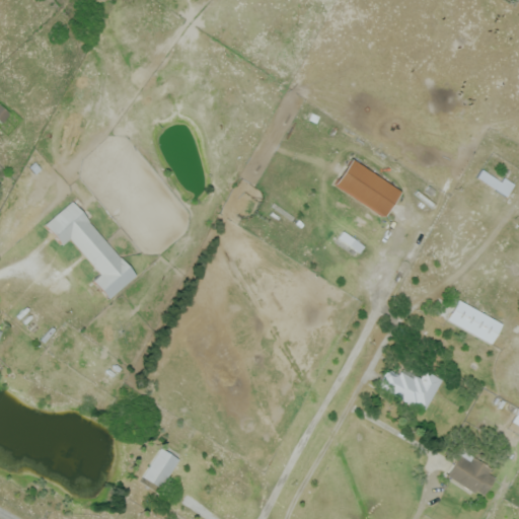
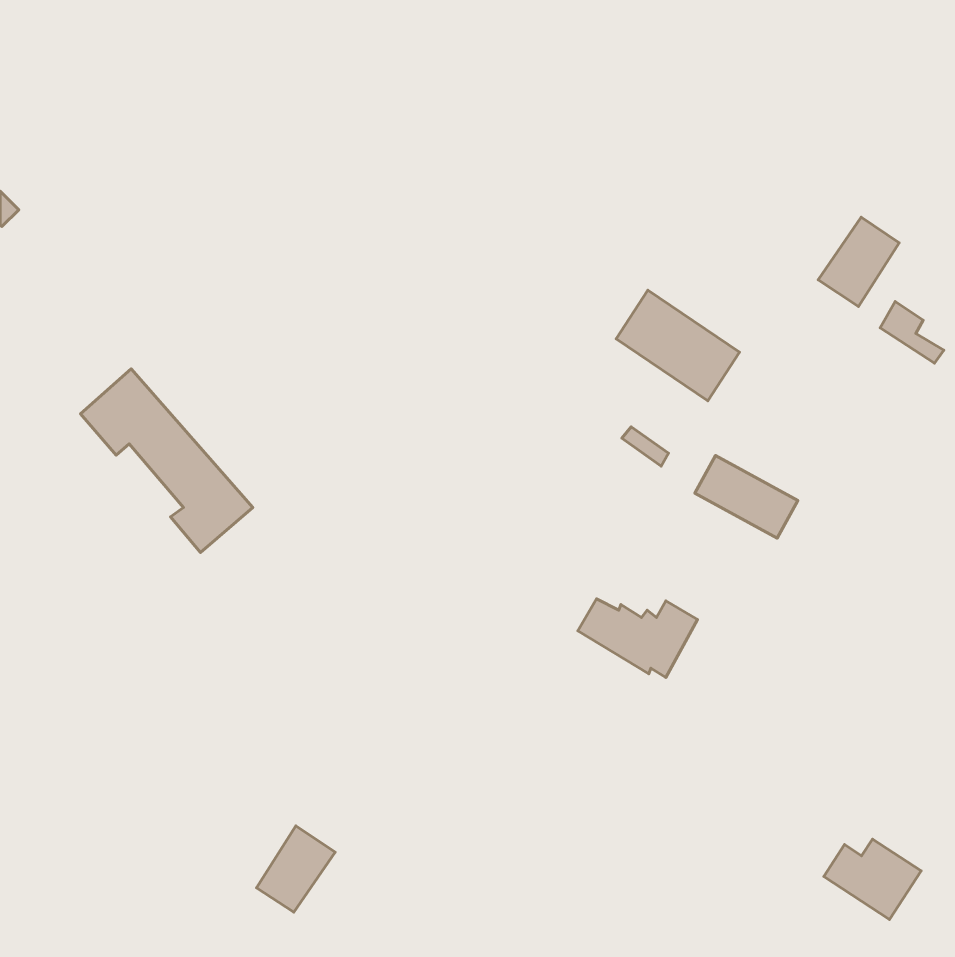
building: none -> [818,217,899,307]
building: [447,299,503,344] -> [695,456,798,538]
building: [379,368,444,411] -> [578,599,698,678]

